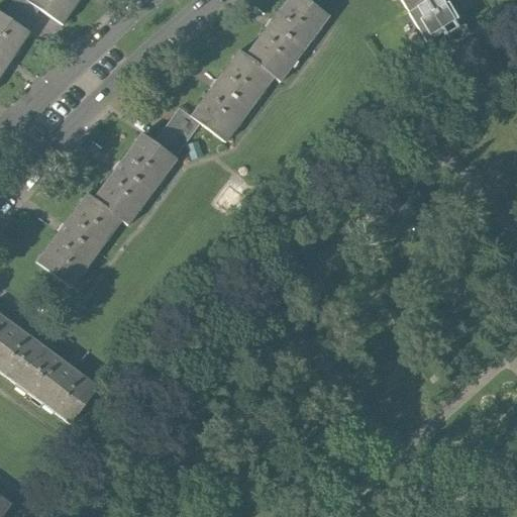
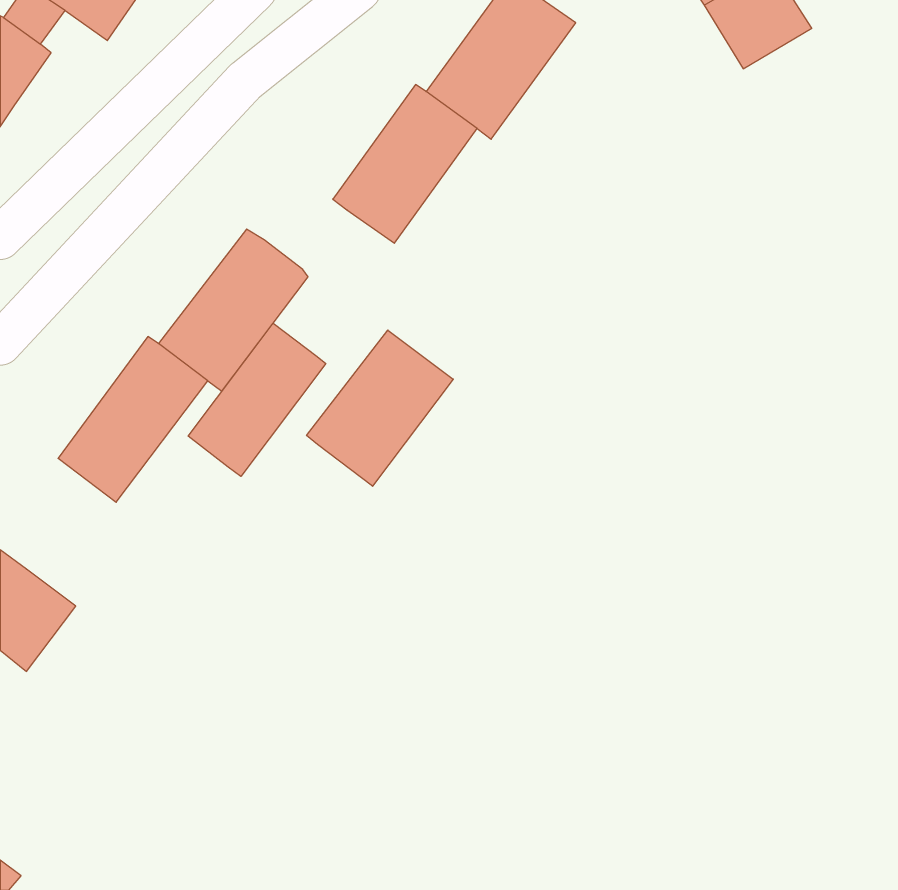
building: [152,103,200,154] -> none
building: none -> [188,323,326,476]
building: none -> [307,330,453,486]
building: [16,347,98,424] -> none

